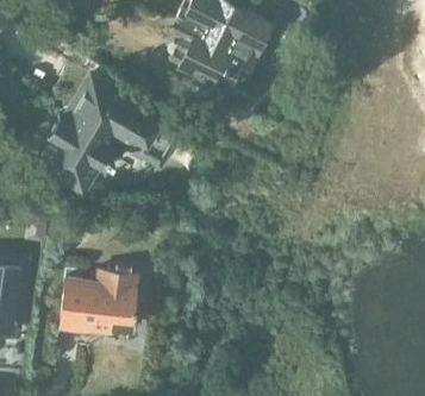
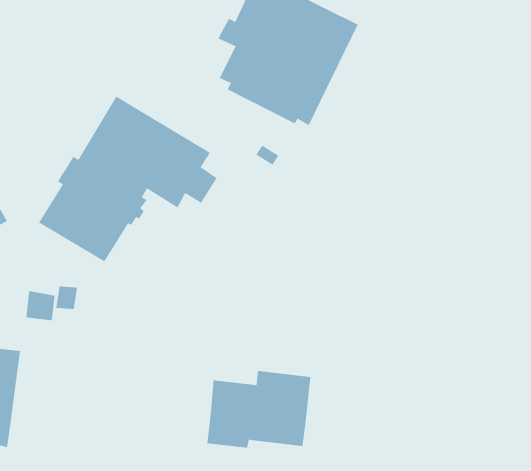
building: [60,269,138,327] -> [207,370,311,448]

